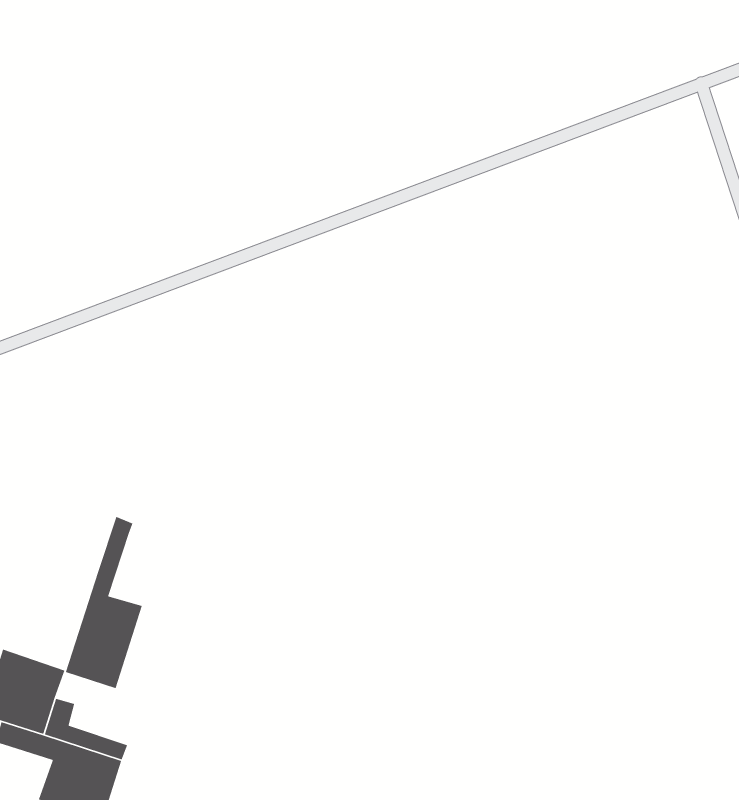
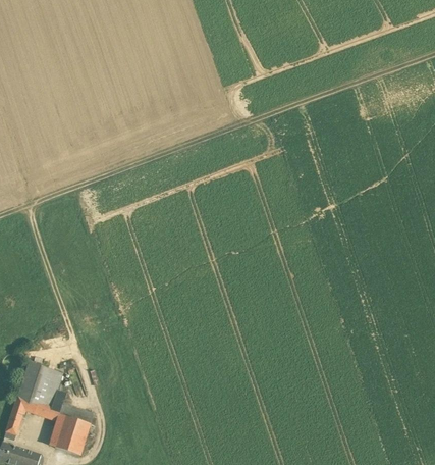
building: [65,516,143,689] -> none

